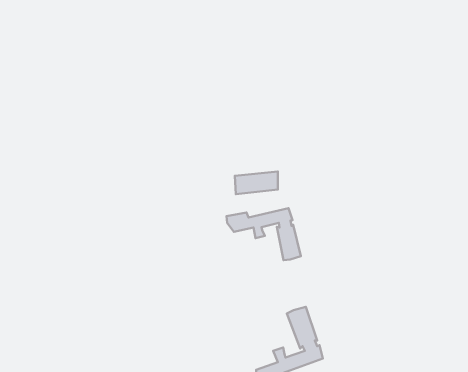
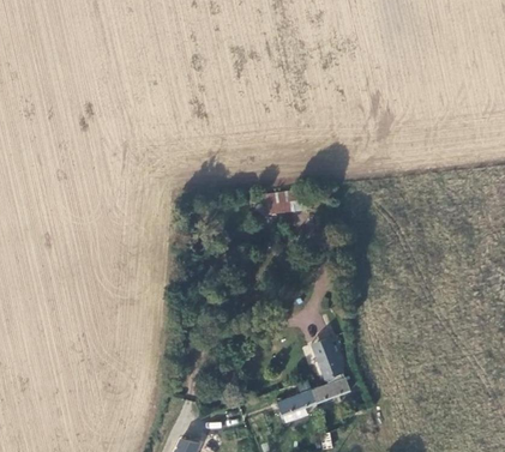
building: [226,208,301,260] -> none

